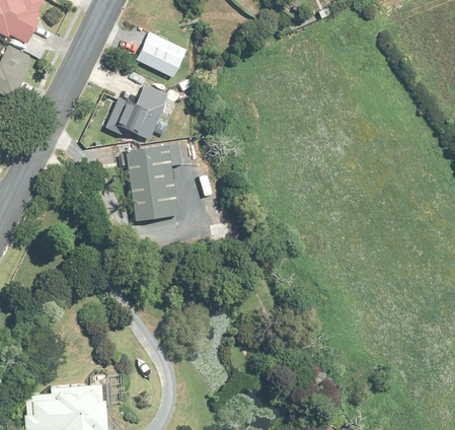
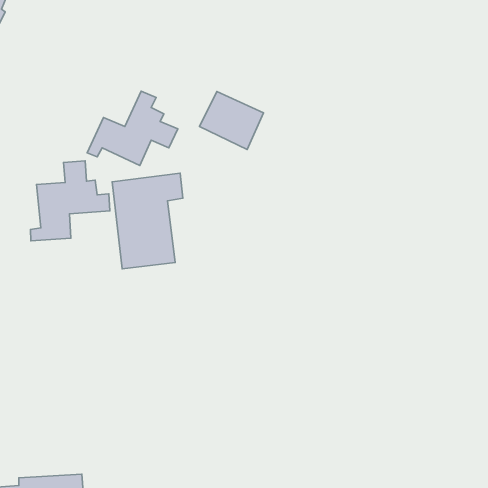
building: [134,30,185,77] -> [199,91,264,149]
building: none -> [31,161,110,241]

